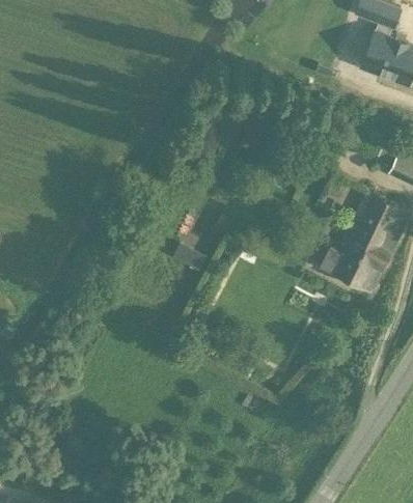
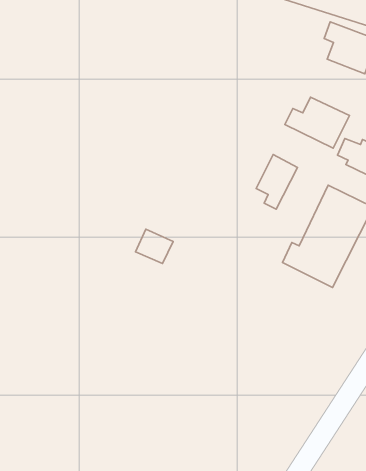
building: none -> [285,97,350,148]
building: none -> [256,155,297,209]

